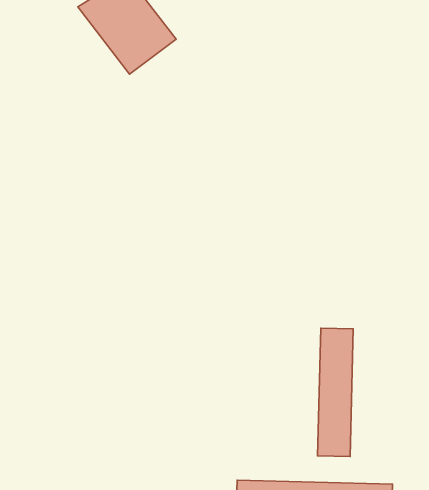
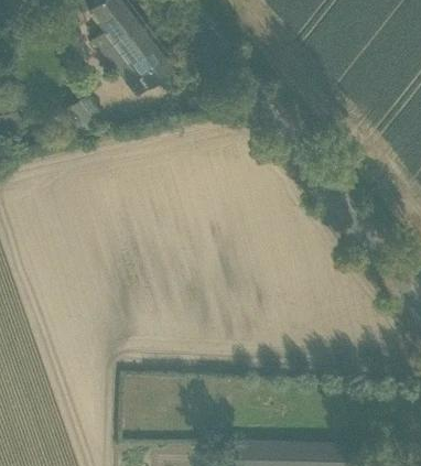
building: [318,328,353,456] -> none

